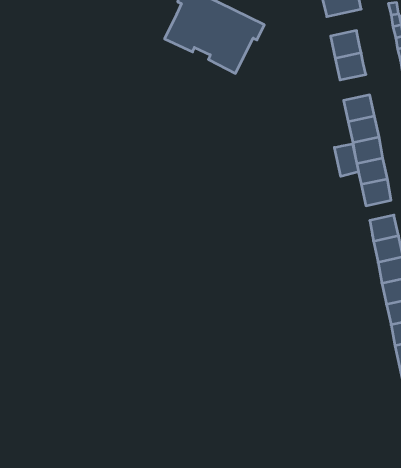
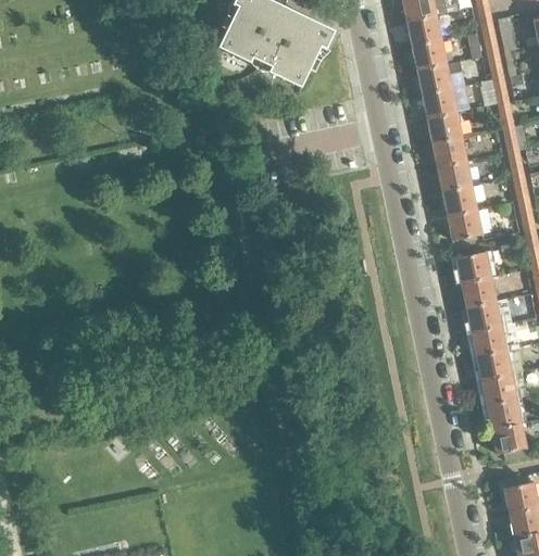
building: none -> [408,14,442,43]
building: none -> [423,88,457,118]
building: [334,144,358,176] -> none

